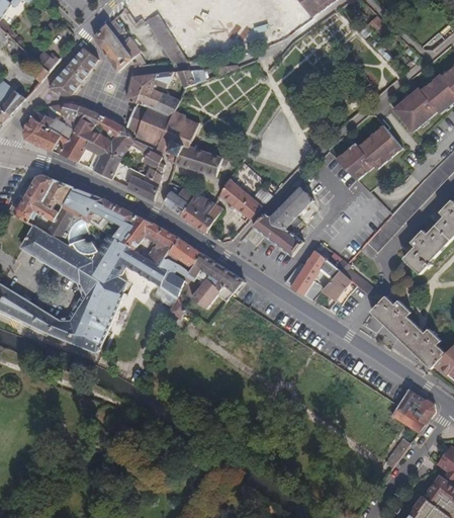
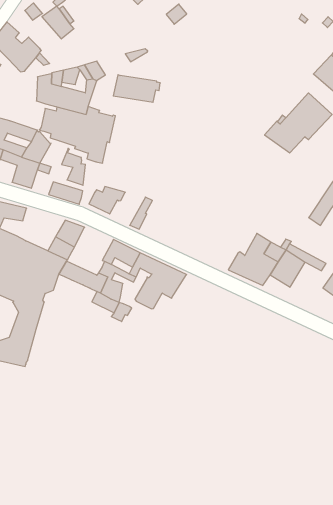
building: [158,36,186,64] -> none
building: [180,147,225,177] -> [113,75,160,102]
building: [219,180,272,220] -> none
building: [252,182,312,258] -> none
building: [180,195,215,228] -> none
building: [90,198,138,229] -> none
building: [148,224,180,268] -> none
building: [81,278,126,352] -> none

